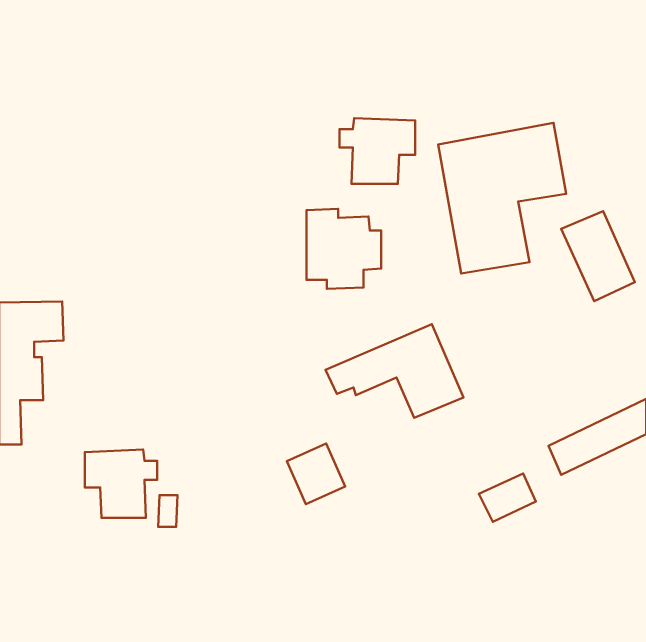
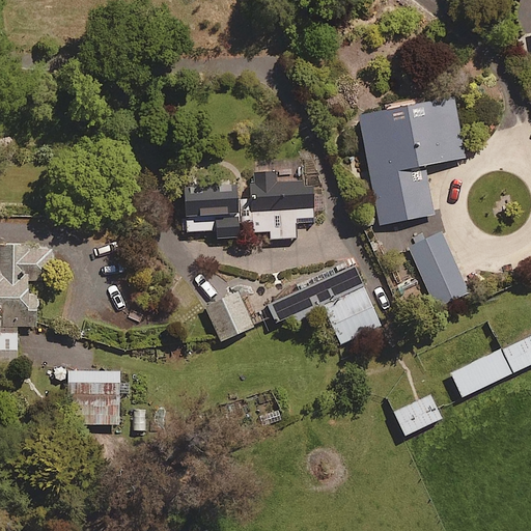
building: [339,118,415,184] -> none
building: [561,211,635,301] -> [408,232,468,306]
building: none -> [181,186,234,237]
building: [287,444,345,504] -> [205,291,253,341]

